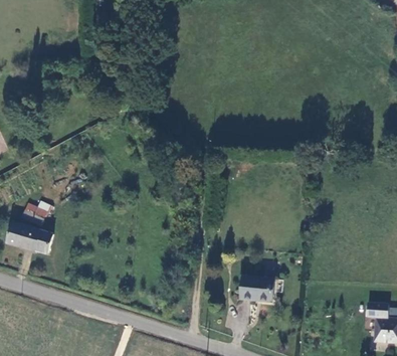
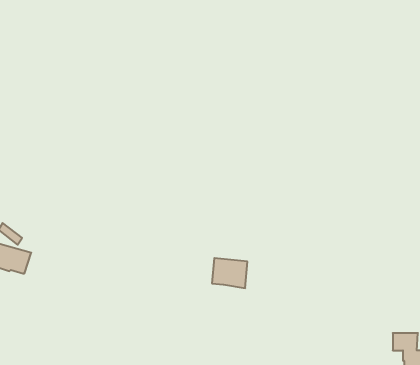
building: [237,277,268,303] -> [212,258,247,288]

